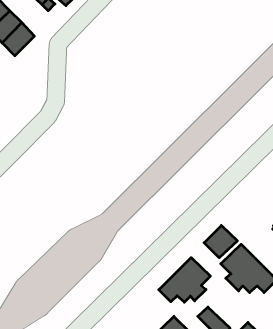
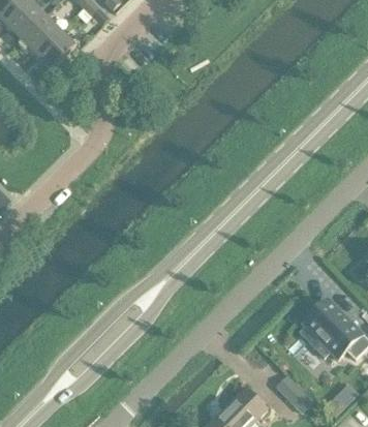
building: [204,225,237,258] -> none
building: [159,258,210,302] -> none

